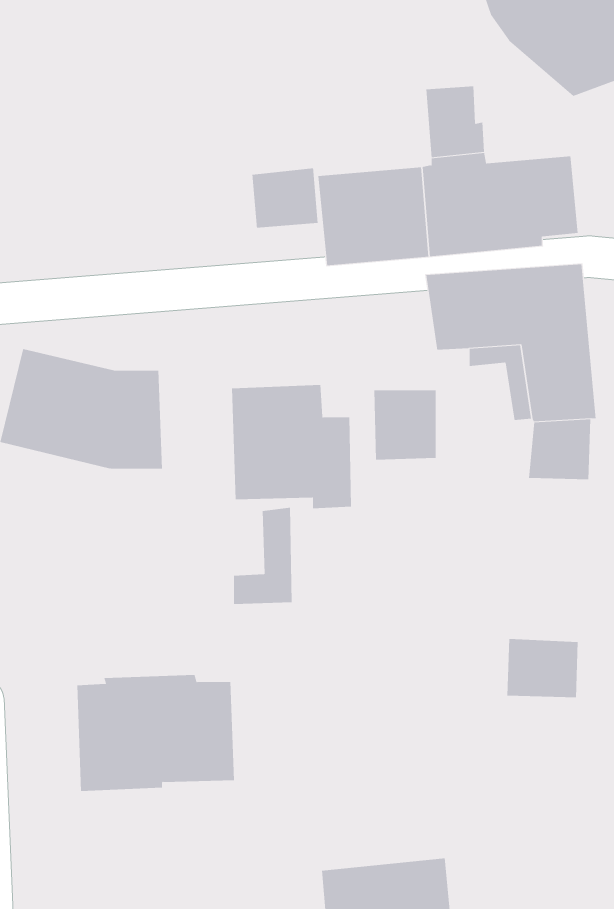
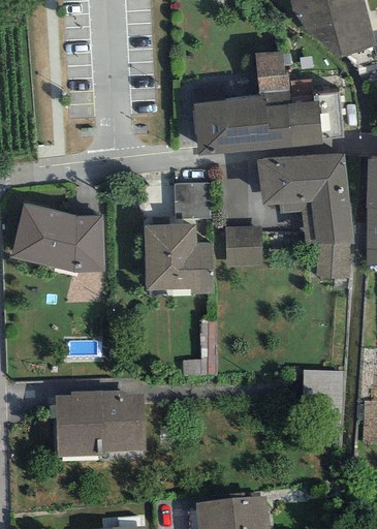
building: [252,167,318,229] -> none
building: none -> [174,182,211,218]
building: [233,507,293,604] -> [183,320,217,376]

